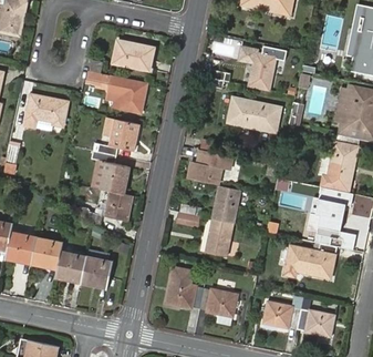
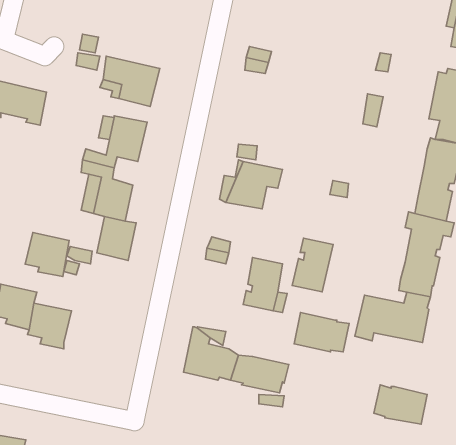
building: [113,42,152,70] -> none
building: [237,44,287,90] -> none
building: [227,96,281,133] -> none
building: [211,185,240,223] -> [292,238,333,292]
building: [79,256,110,287] -> [25,233,69,277]
building: [262,300,301,328] -> [294,312,349,352]

